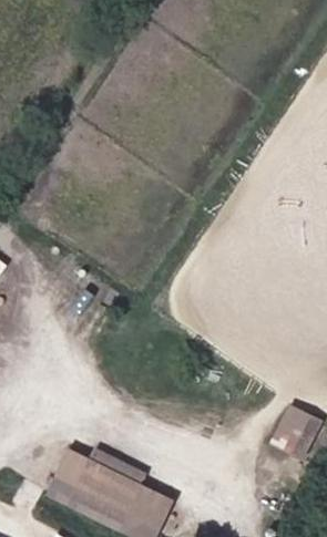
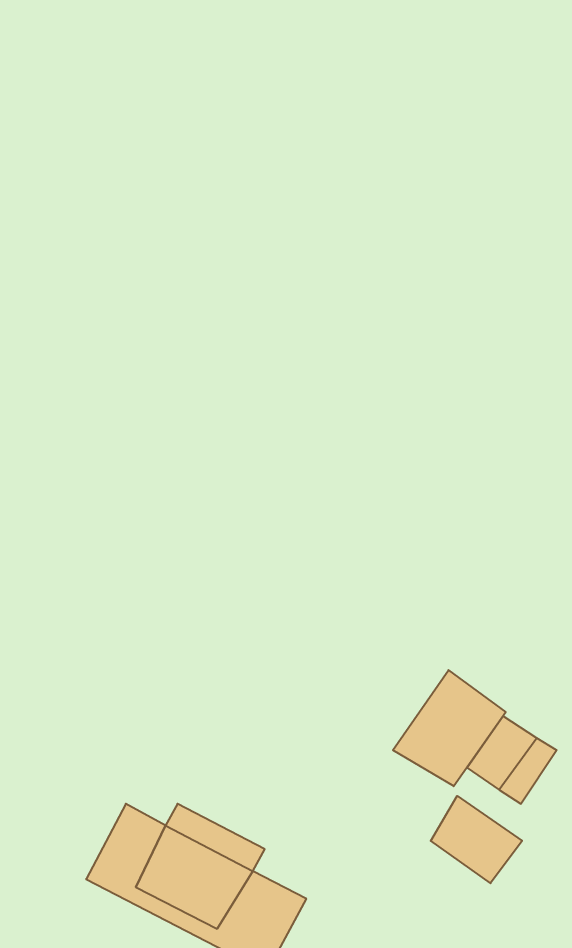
building: none -> [393,670,506,786]
building: none -> [431,796,522,883]

